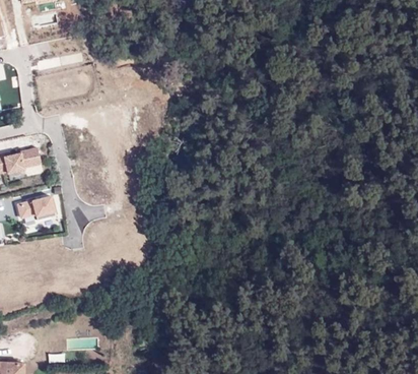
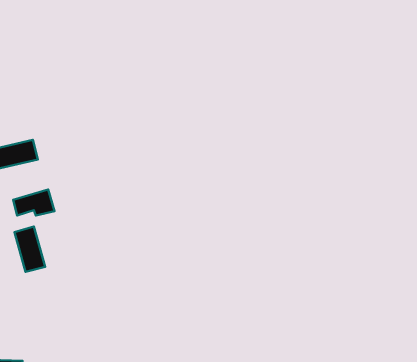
building: none -> [15,227,45,272]

